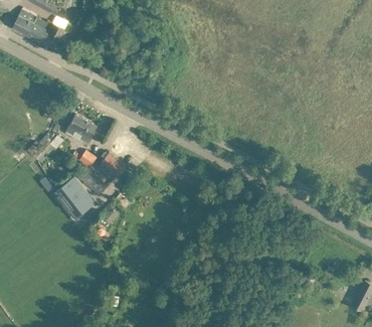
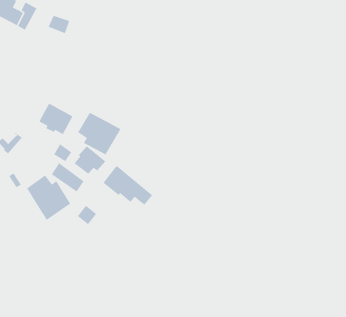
building: none -> [77,112,122,155]
building: none -> [103,165,153,205]

